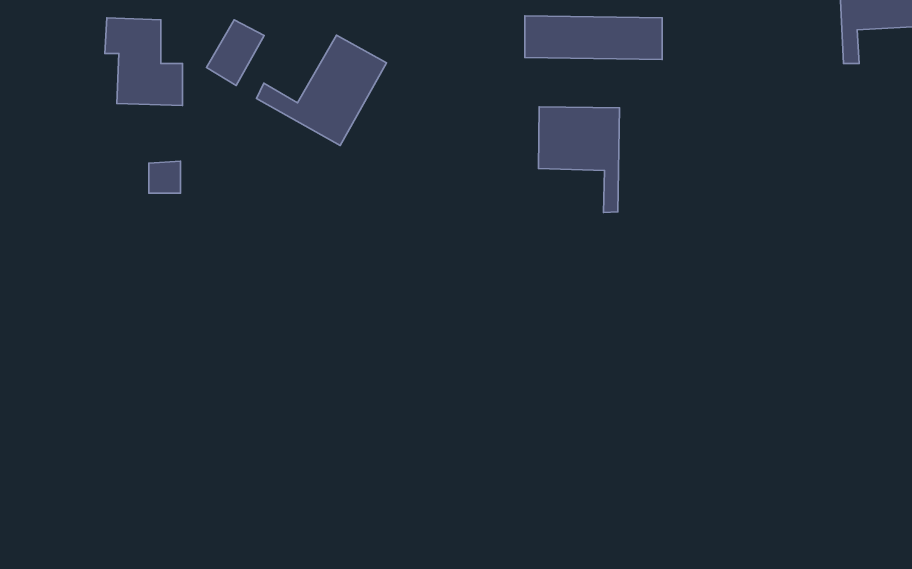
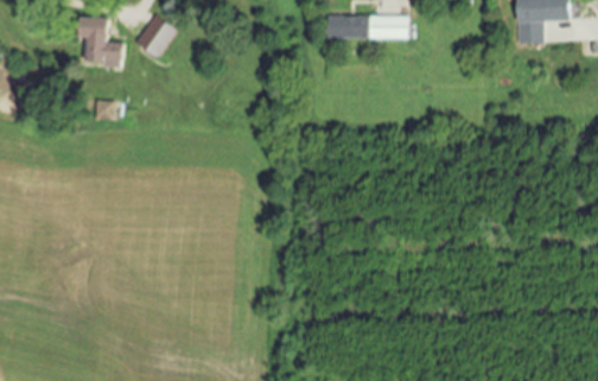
building: [256,35,386,146] -> none
building: [538,107,620,212] -> none

